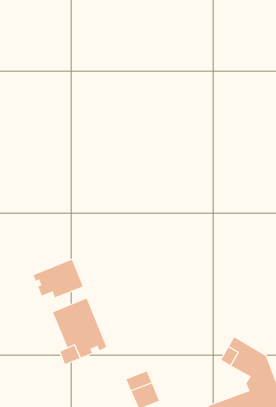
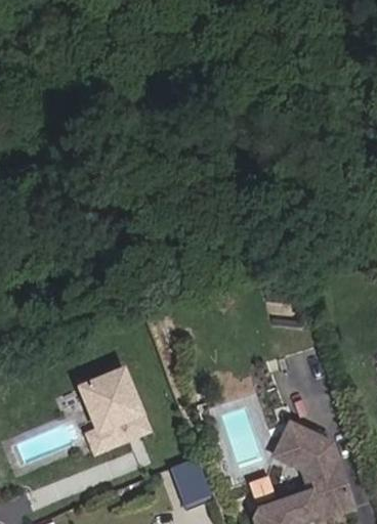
building: [33,259,83,298] -> none

